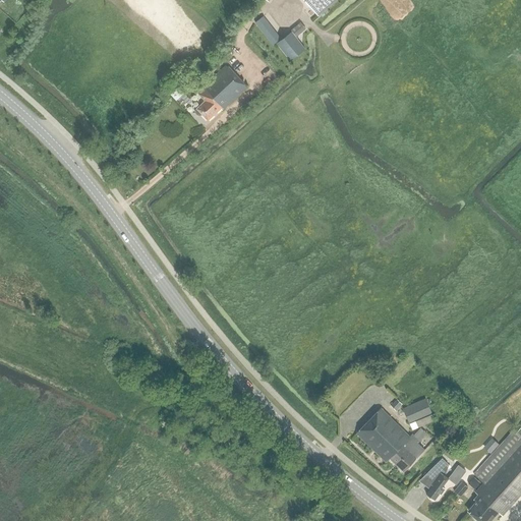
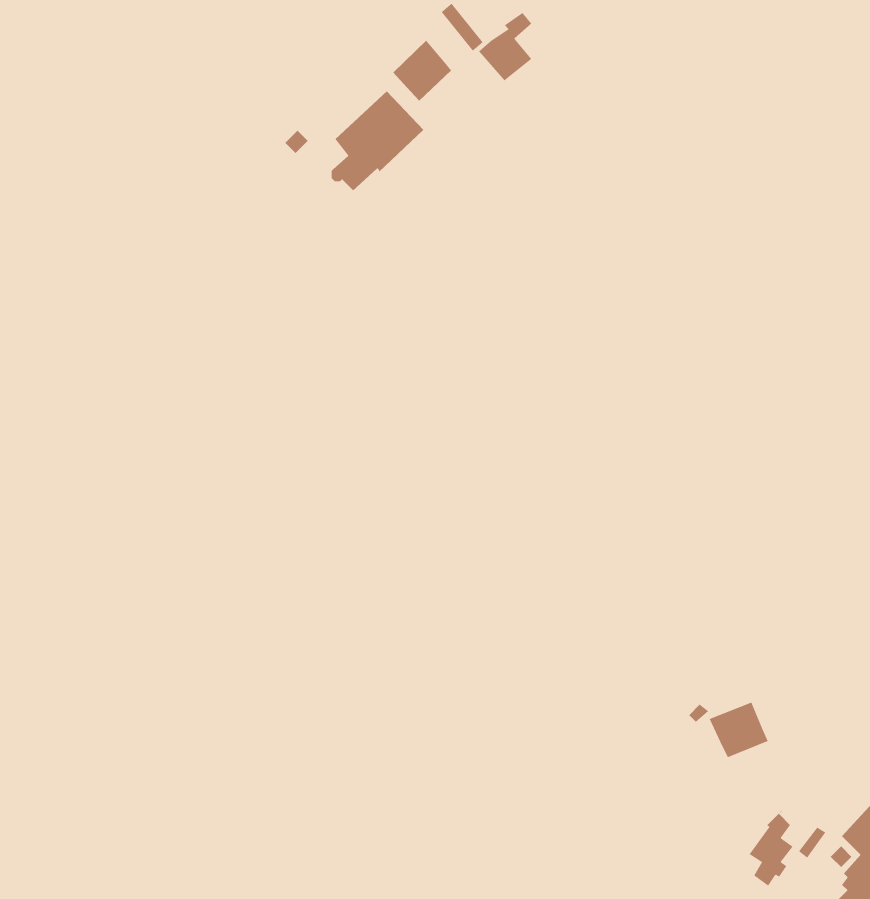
building: none -> [393,40,452,101]
building: [356,407,424,470] -> none

